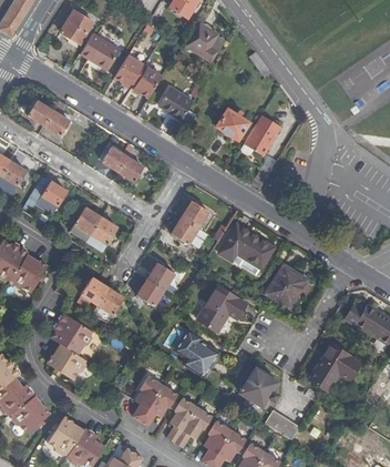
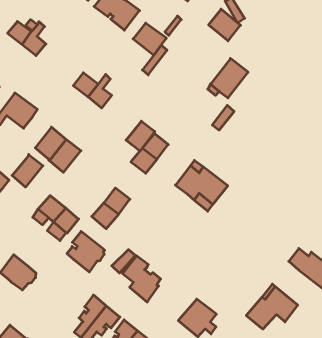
building: [216,108,249,140] -> [209,9,241,41]
building: none -> [126,121,155,151]
building: none -> [12,154,43,187]
building: [266,265,307,307] -> none
building: [196,285,246,332] -> none
building: [52,313,91,354] -> [67,231,105,272]

